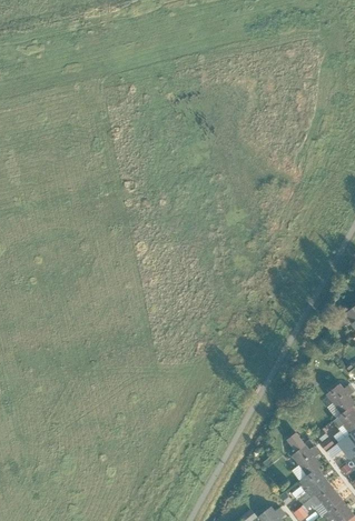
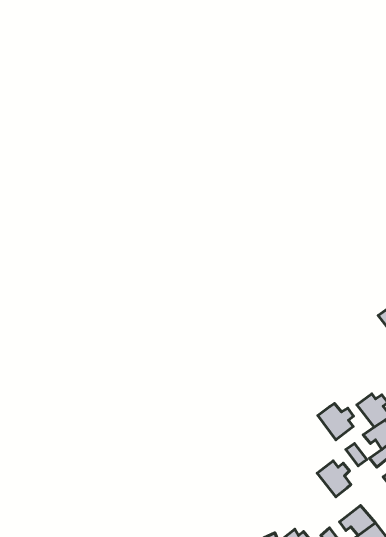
building: none -> [318,404,354,440]
building: [298,470,331,500] -> none

